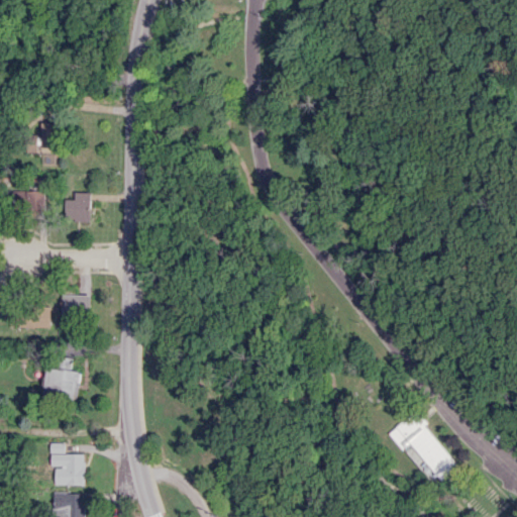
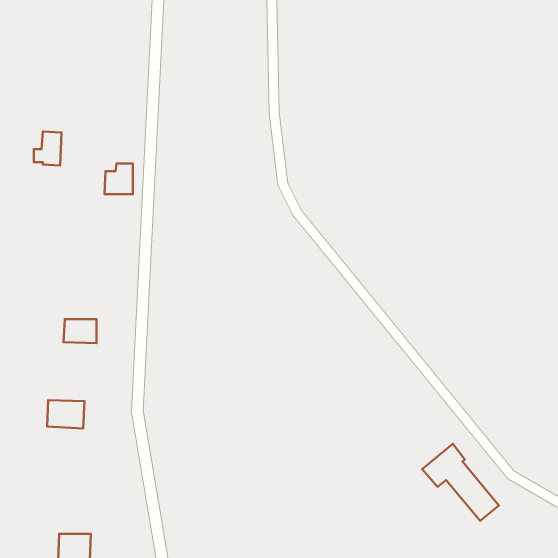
building: [11,192,44,210] -> none
building: [63,194,89,222] -> [104,163,133,194]
building: [49,444,83,486] -> none

